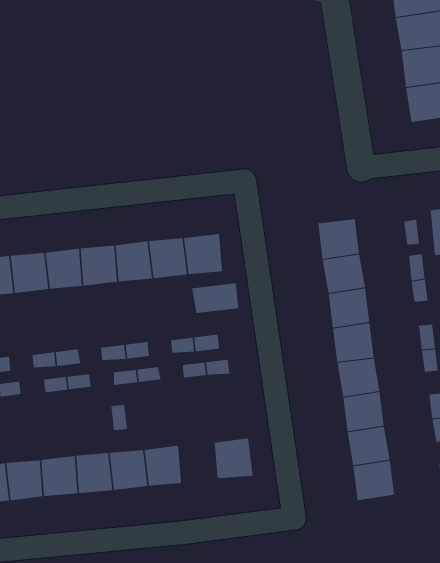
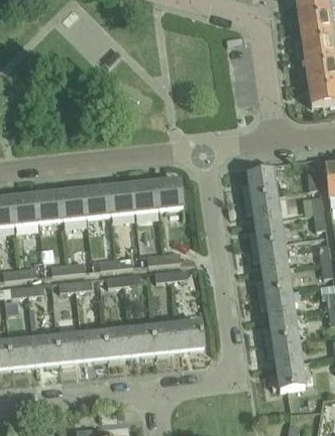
building: [192,282,239,314] -> none
building: none -> [152,324,179,352]
building: none -> [275,360,306,389]

